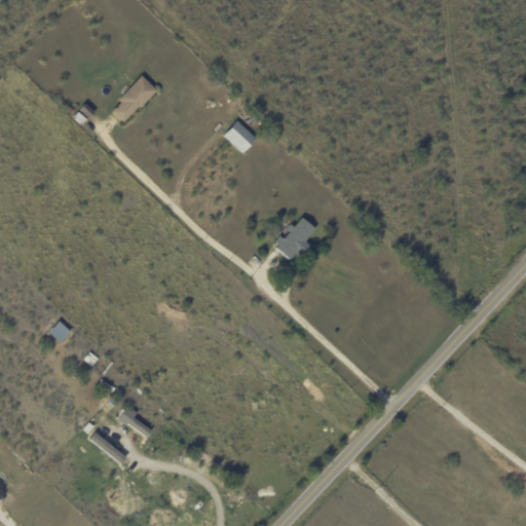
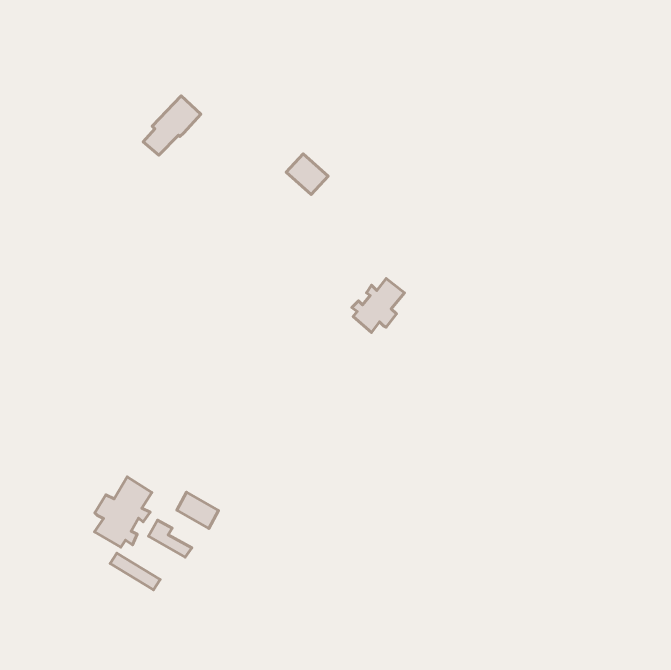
building: none -> [95,477,152,547]
building: none -> [177,492,219,529]

